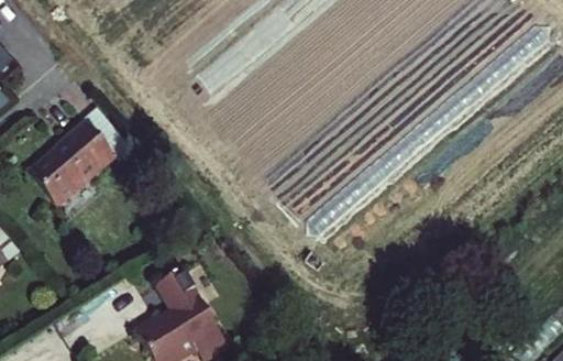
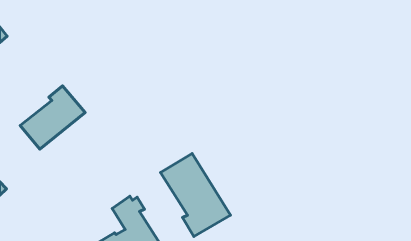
building: none -> [161,153,231,237]

